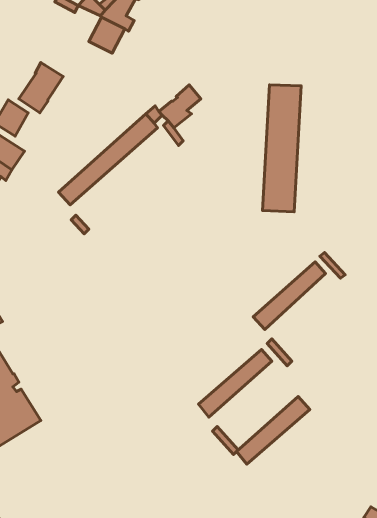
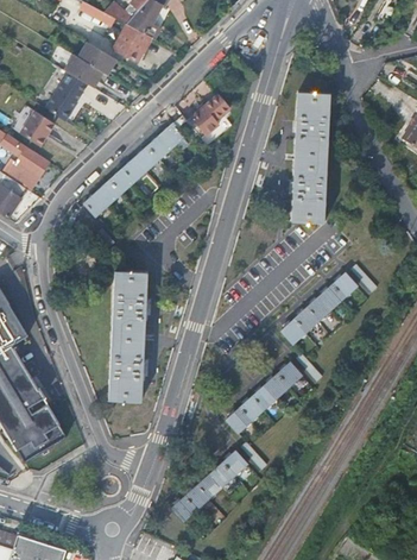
building: none -> [69,45,119,89]
building: none -> [108,271,146,402]
building: [236,397,310,464] -> [171,452,246,521]

